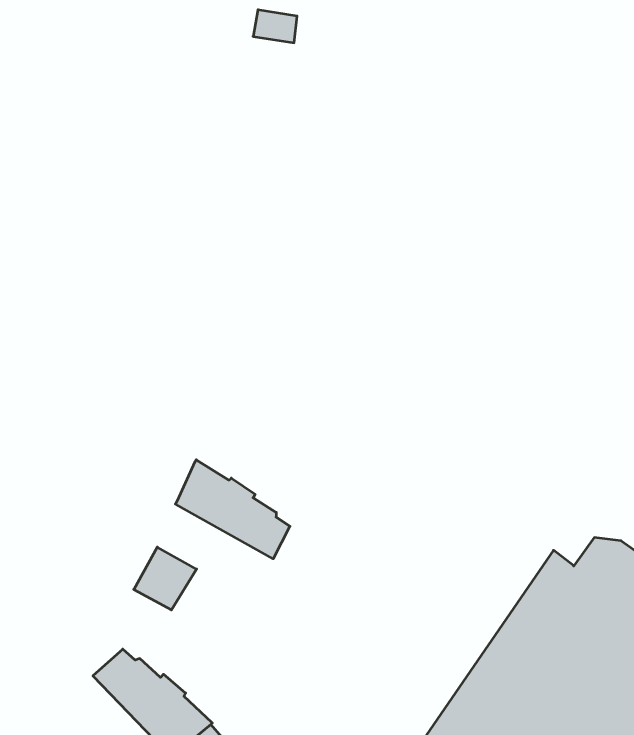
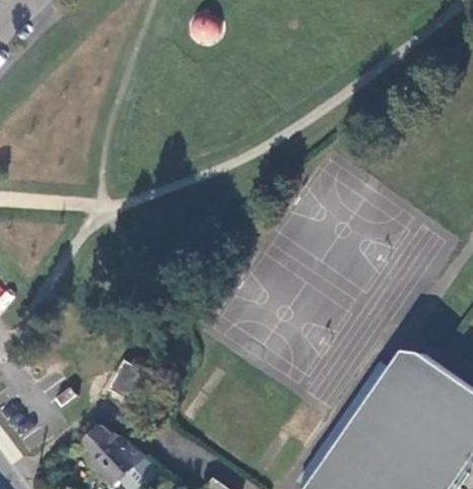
building: [175,460,290,559] -> none

